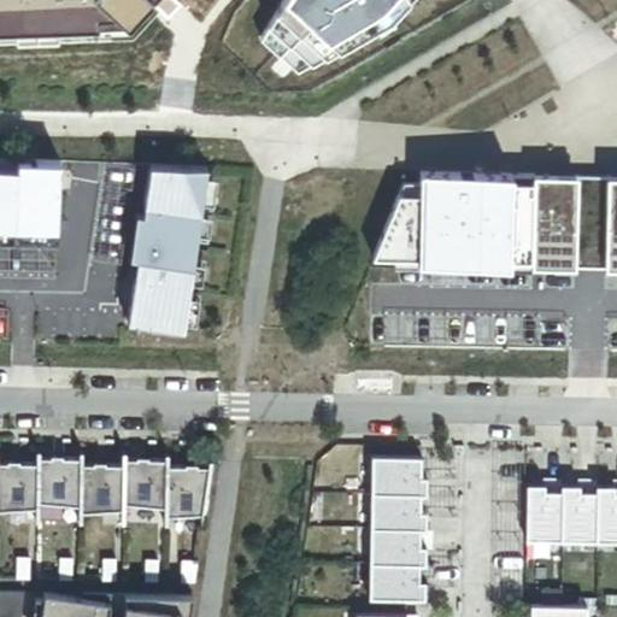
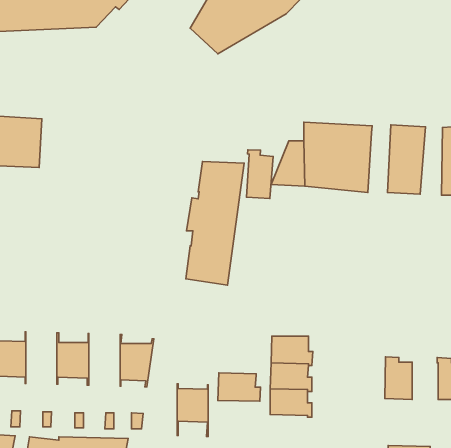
building: [128,168,207,335] -> [186,162,244,285]
building: [574,175,604,268] -> none
building: [503,183,531,264] -> none
building: none -> [247,150,273,198]
building: [39,453,81,524] -> none
building: [124,456,166,527] -> [177,384,208,436]
building: [562,488,598,545] -> none
building: [369,565,427,604] -> [218,373,261,401]

